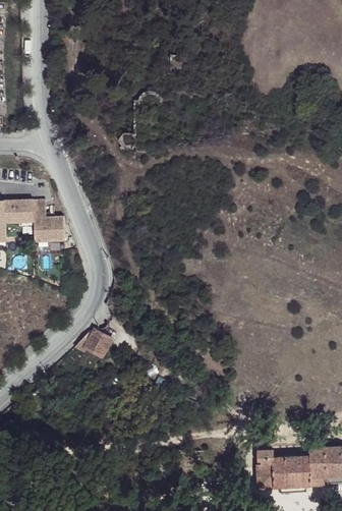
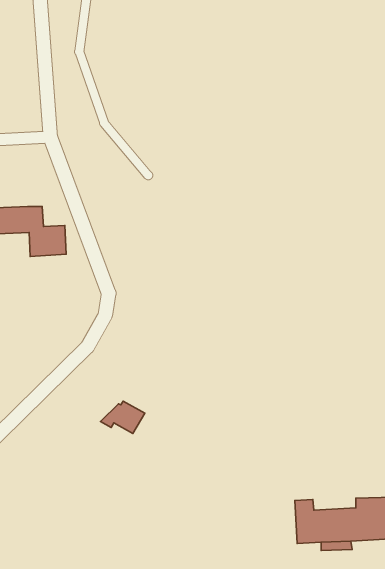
building: [75,329,113,356] -> [101,401,145,433]

